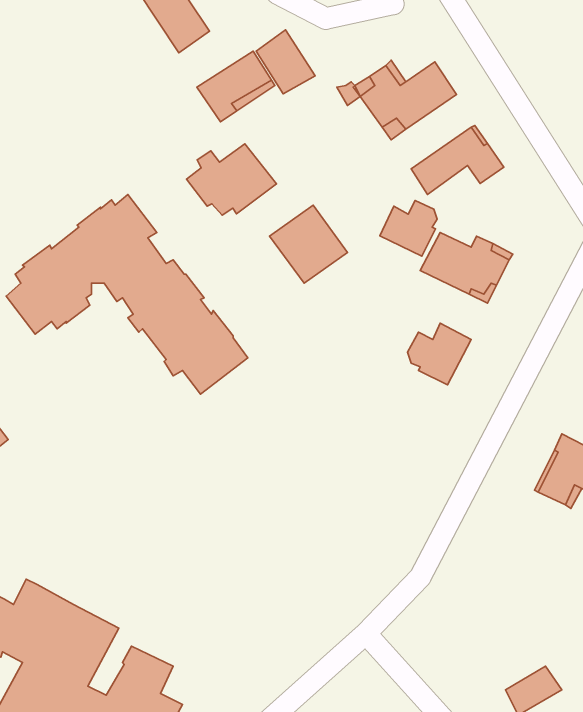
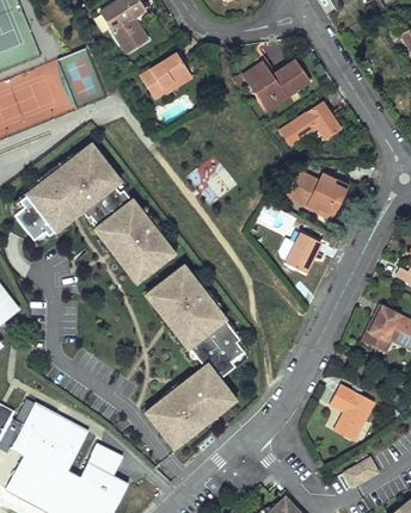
building: [256,30,315,94] -> none
building: [187,144,277,215] -> none
building: [380,200,437,256] -> none
building: none -> [149,266,243,446]
building: none -> [330,384,375,441]

